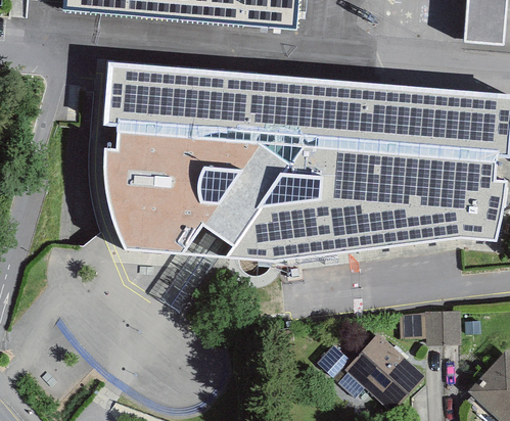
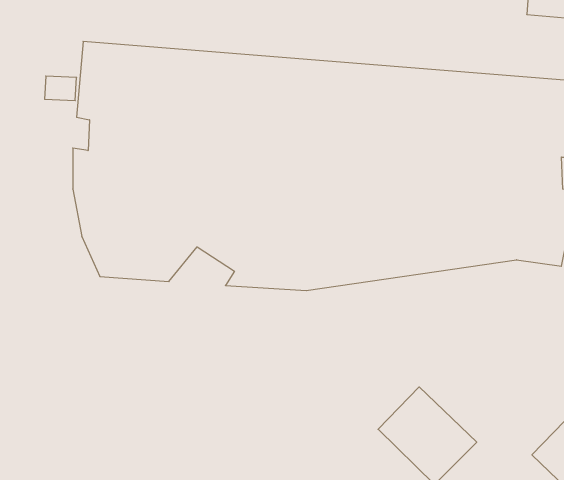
building: [405,316,461,346] -> none

